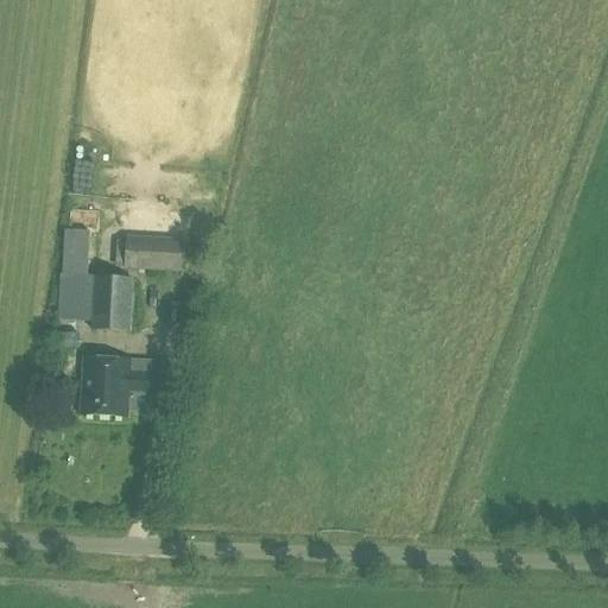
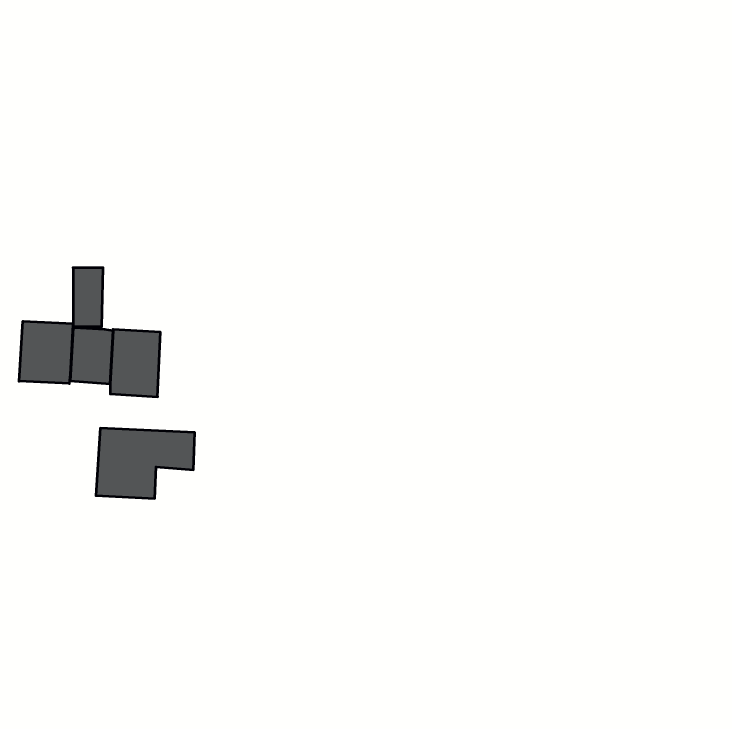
building: [126,235,188,270] -> none
building: none -> [19,321,73,384]

